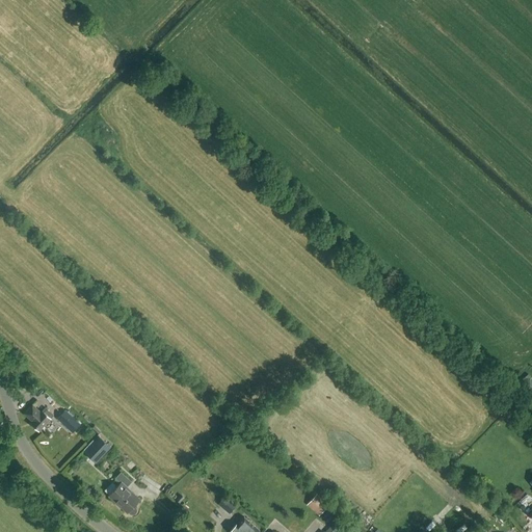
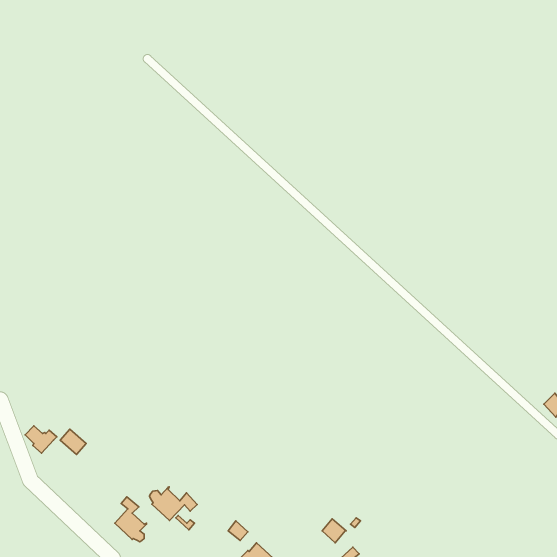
building: [83,437,111,464] -> none
building: none -> [149,487,197,521]

